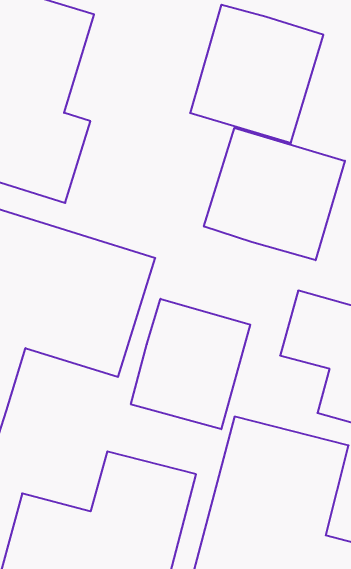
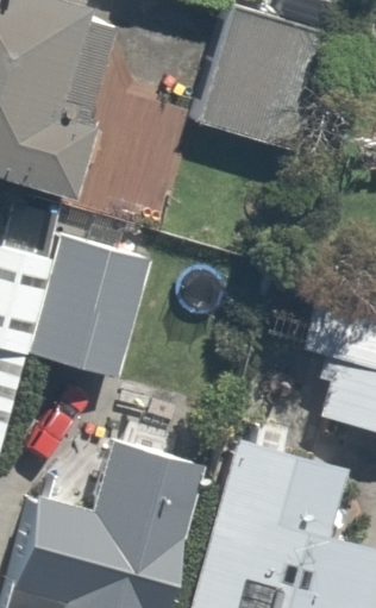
building: [204,128,345,260] -> none
building: [131,299,250,429] -> none

